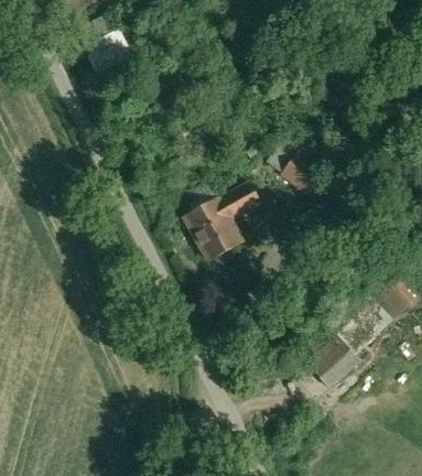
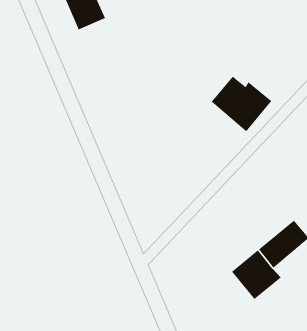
building: [185,184,262,263] -> none

